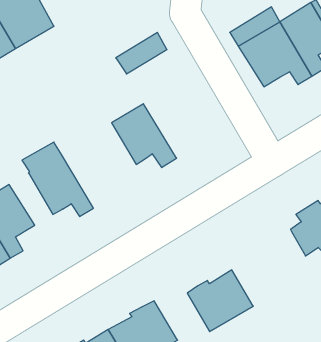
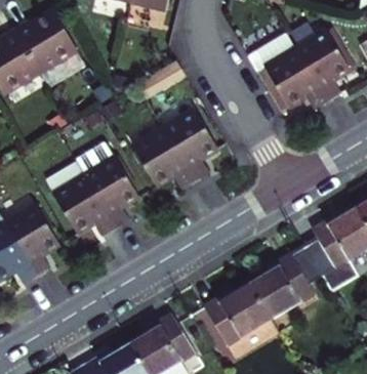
building: none -> [163,109,217,179]
building: none -> [77,147,138,227]
building: none -> [248,250,323,322]

